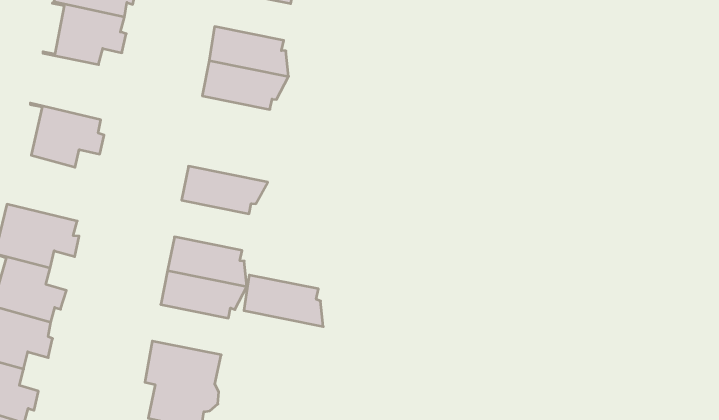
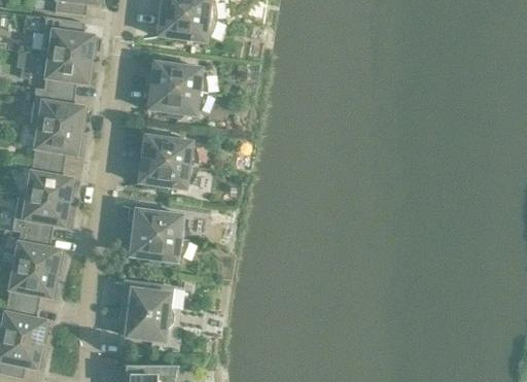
building: none -> [29,88,86,131]
building: none -> [17,159,75,202]
building: [244,275,323,327] -> [141,134,197,166]

